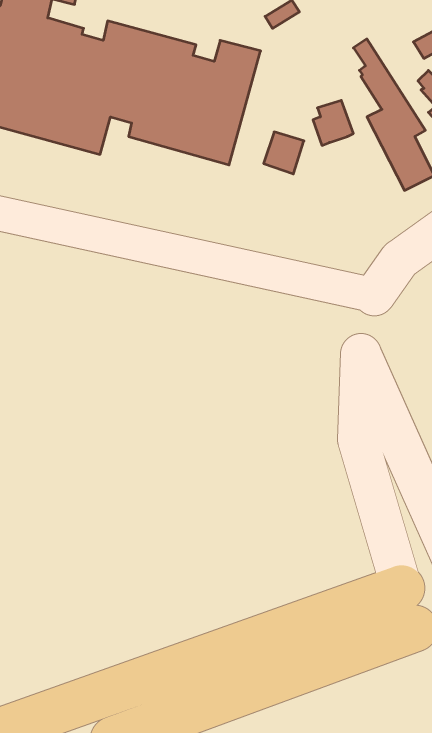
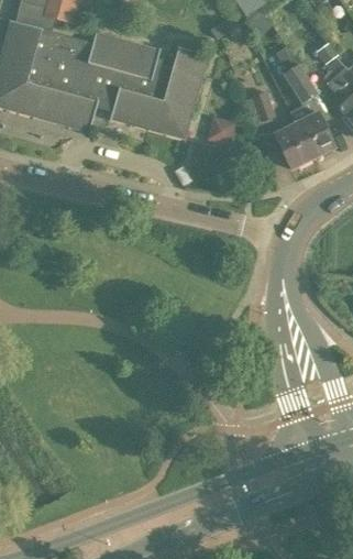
building: none -> [272,102,312,167]

